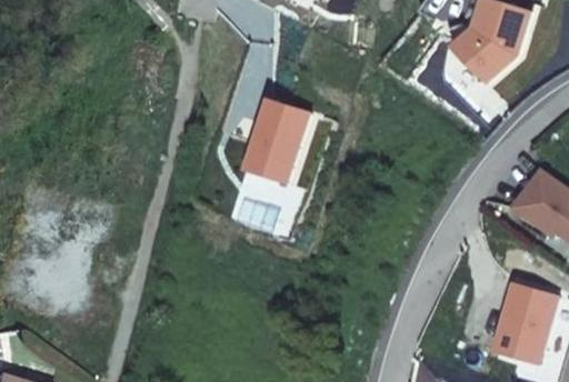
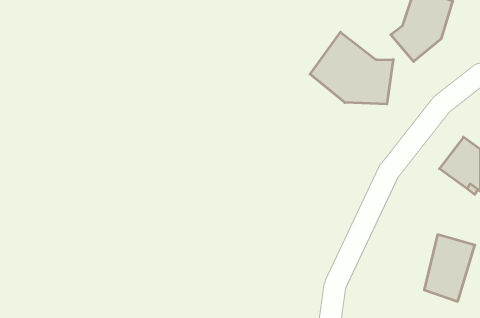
building: none -> [310,32,393,104]
building: [243,101,307,183] -> none

